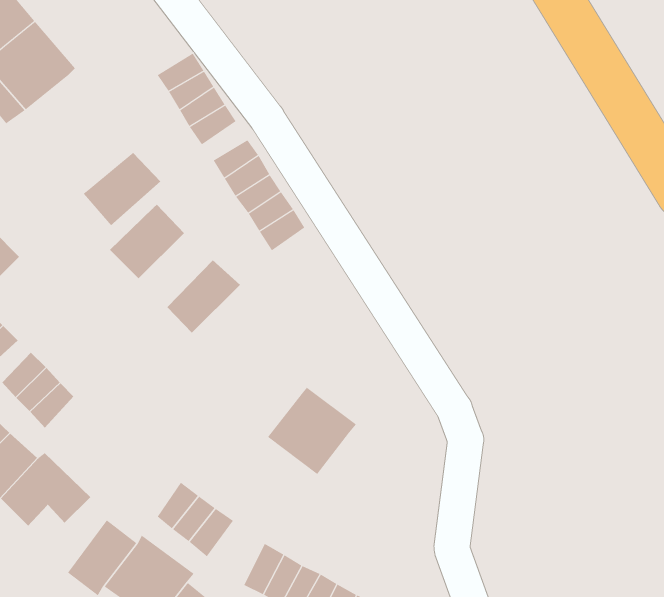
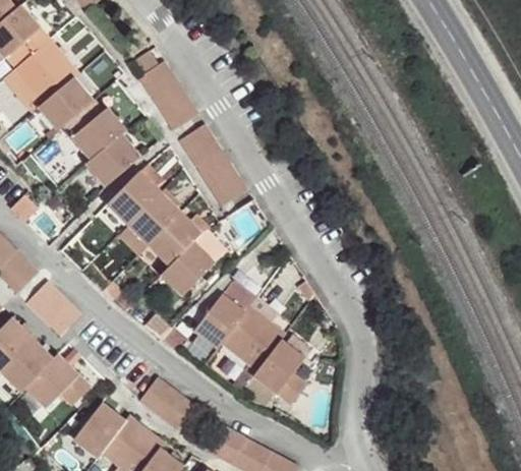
building: none -> [37,78,94,129]
building: none -> [69,106,127,161]
building: none -> [125,193,179,247]
building: none -> [158,240,214,296]
building: none -> [194,294,243,347]
building: none -> [251,339,308,405]

